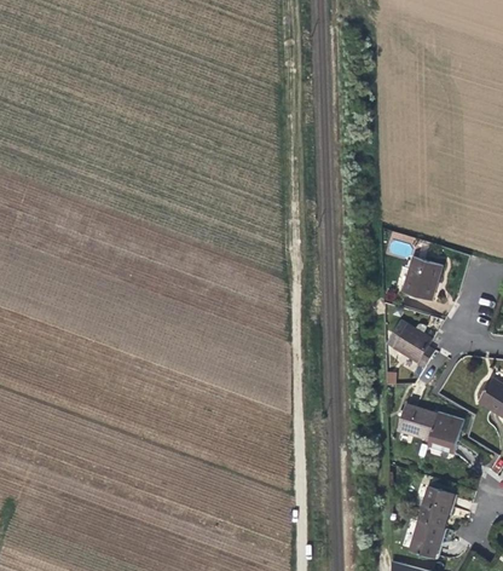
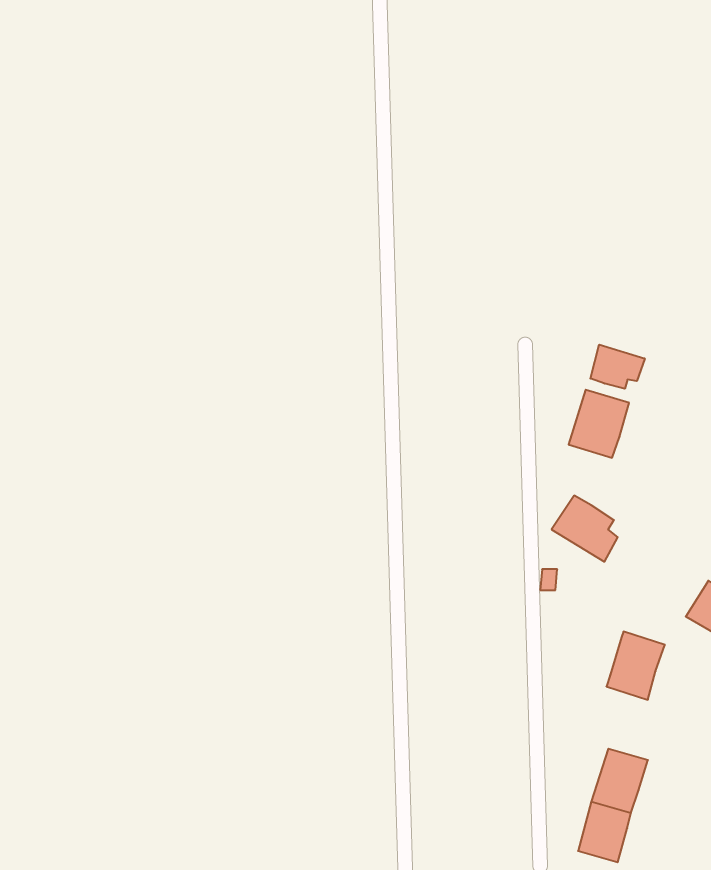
building: none -> [590,345,645,389]
building: [397,403,436,438] -> none

